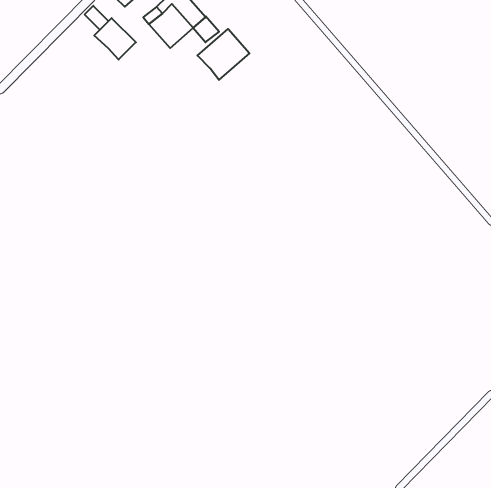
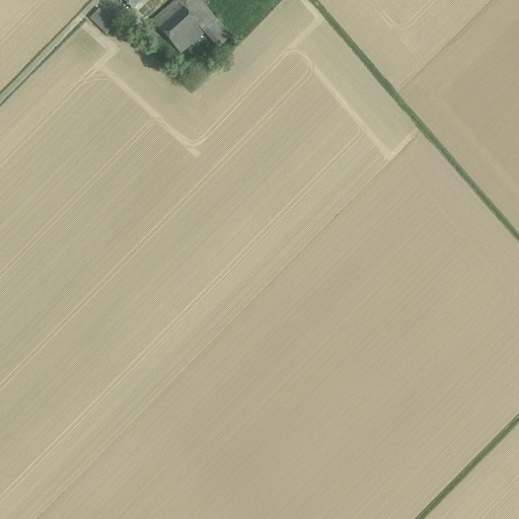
building: [94,18,136,60] -> none
building: [197,29,249,80] -> none

